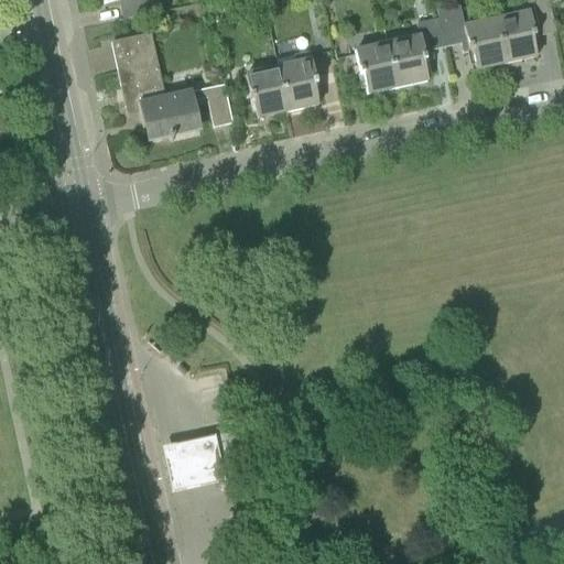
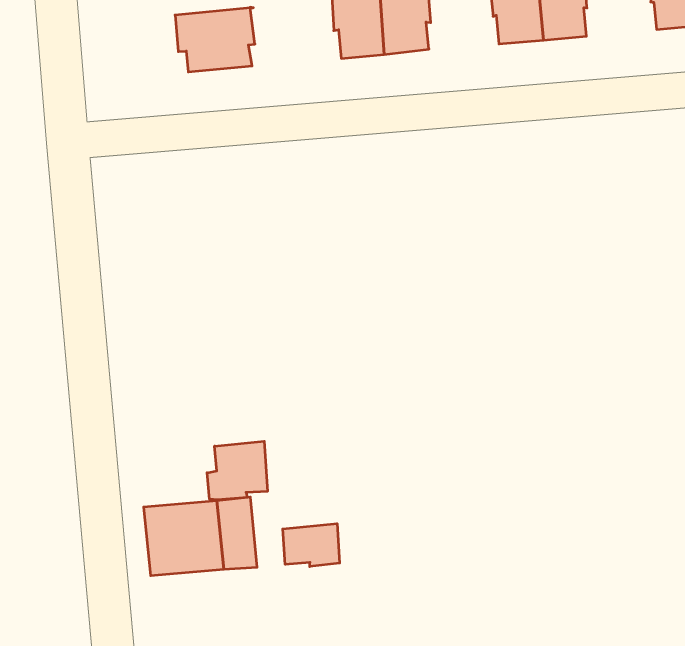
building: [206,87,232,124] -> none
building: none -> [207,441,267,500]
building: none -> [283,524,340,567]

